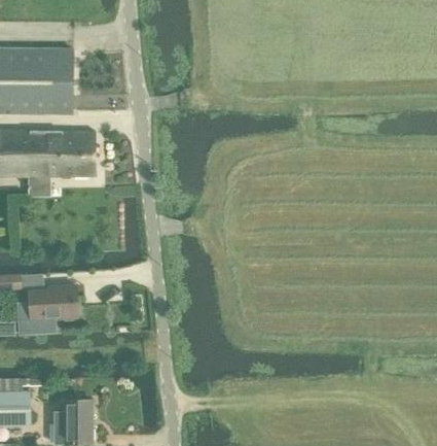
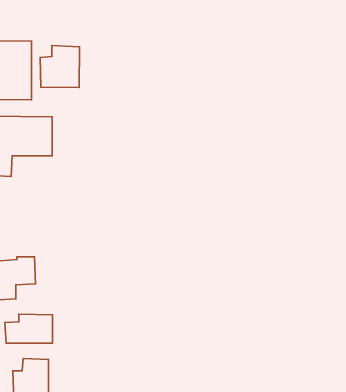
building: none -> [40,45,79,87]
building: none -> [5,314,52,343]

